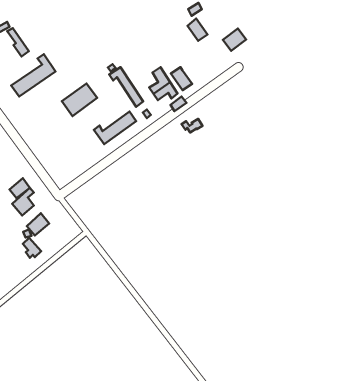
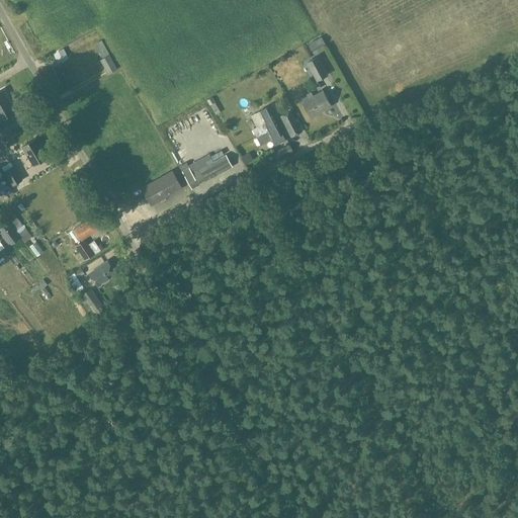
building: [223,29,246,51] -> [301,92,329,117]
building: [11,54,56,96] -> none
building: [109,67,143,107] -> none
building: [62,83,97,116] -> [140,170,181,206]

